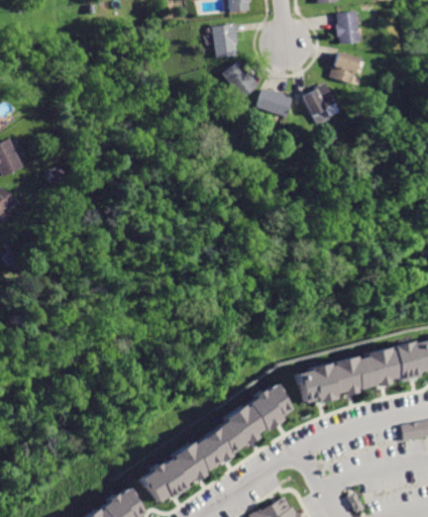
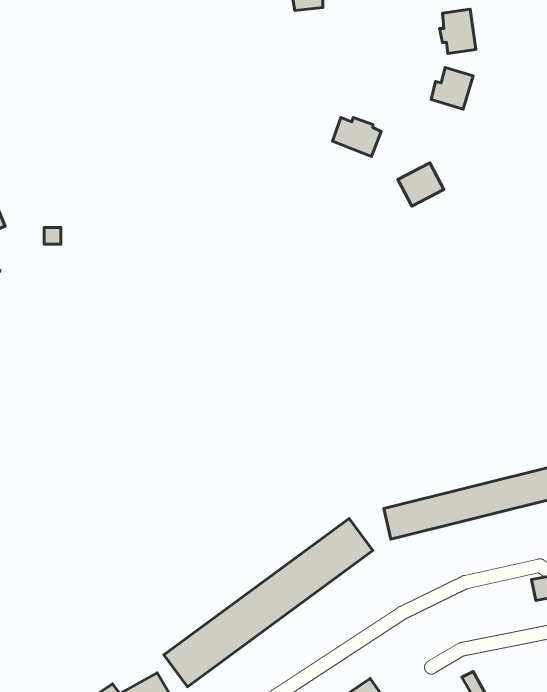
building: [216,26,240,59] -> none
building: [224,64,261,102] -> none
building: [304,87,337,118] -> [398,163,444,206]

